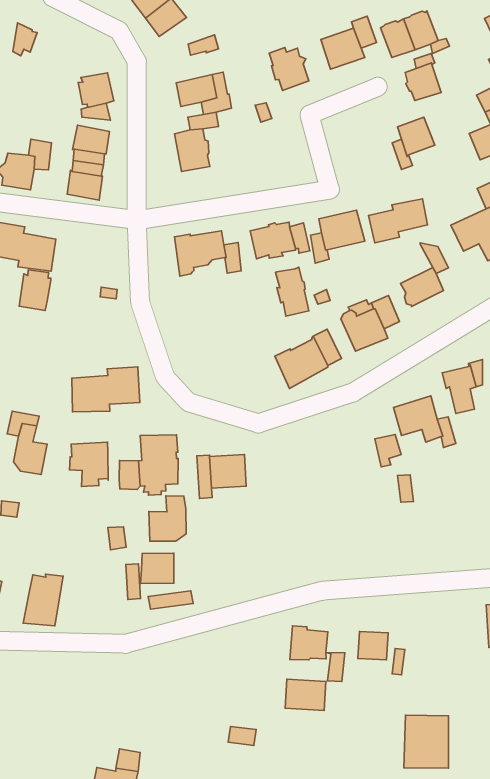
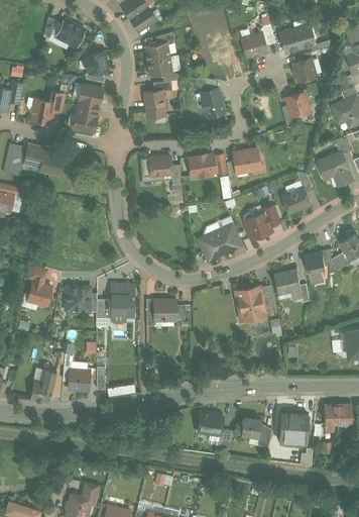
building: none -> [54,19,85,46]
building: [269,48,309,90] -> [200,89,224,116]
building: none -> [143,41,169,61]
building: [368,199,428,243] -> none
building: [276,267,309,316] -> none
building: [19,270,51,311] -> none
building: [72,367,140,412] -> none
building: none -> [234,288,263,318]
building: [149,496,186,541] -> none
building: [141,553,174,584] -> [67,370,89,390]
building: [285,679,326,710] -> none
building: [404,715,448,768] -> [277,410,308,445]

